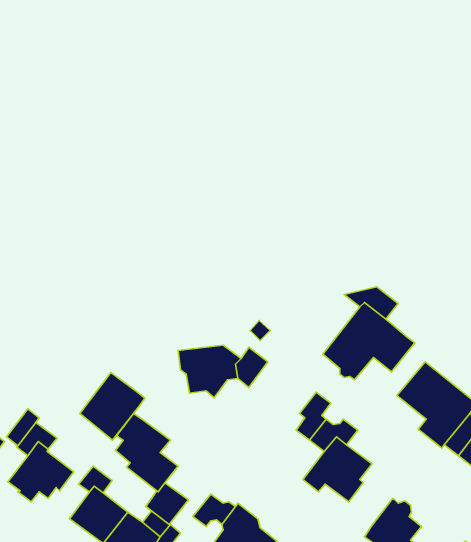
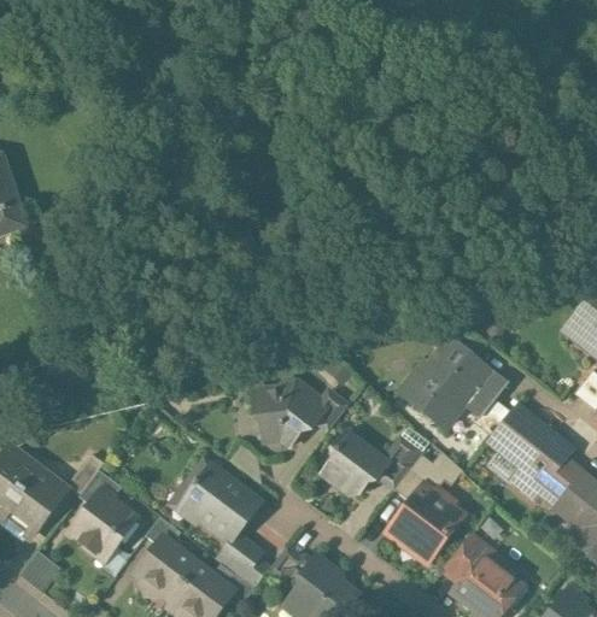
building: [80,372,145,440] -> none
building: none -> [329,433,388,494]
building: none -> [443,535,488,582]

